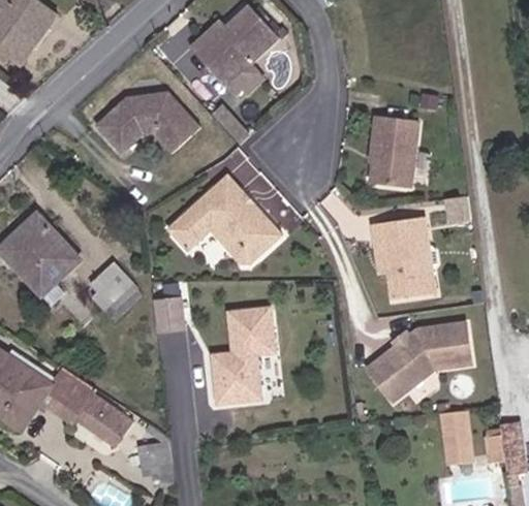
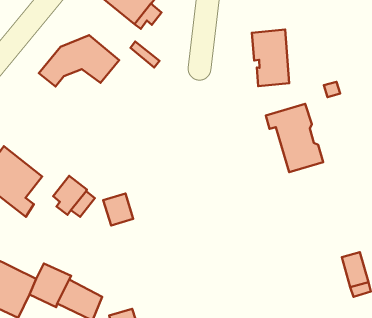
building: [167,175,282,266] -> none
building: [213,304,278,400] -> none
building: [365,323,470,401] -> none

